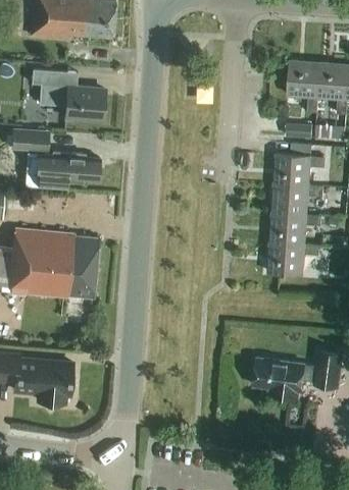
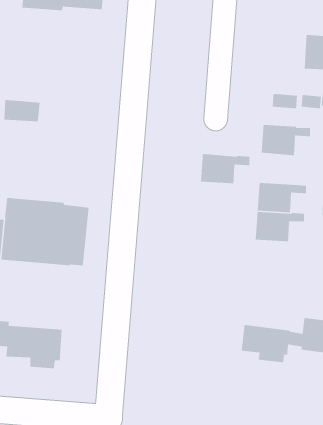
building: [288,60,319,112] -> none
building: [31,69,104,120] -> none
building: [24,152,99,188] -> none
building: [271,183,322,215] -> [200,153,250,184]

